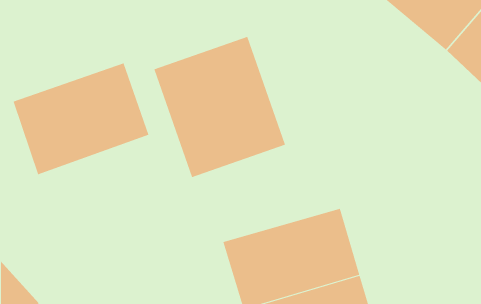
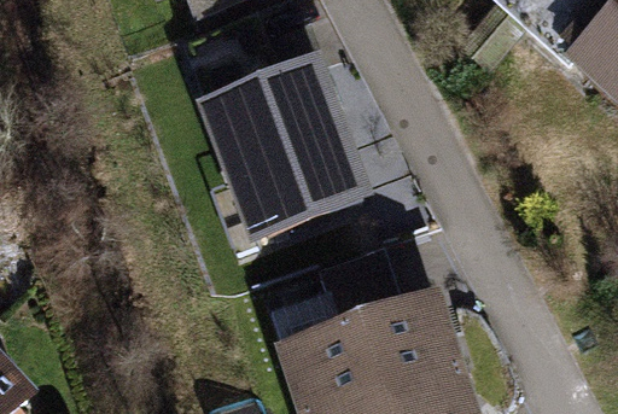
building: [13,63,149,175] -> none

